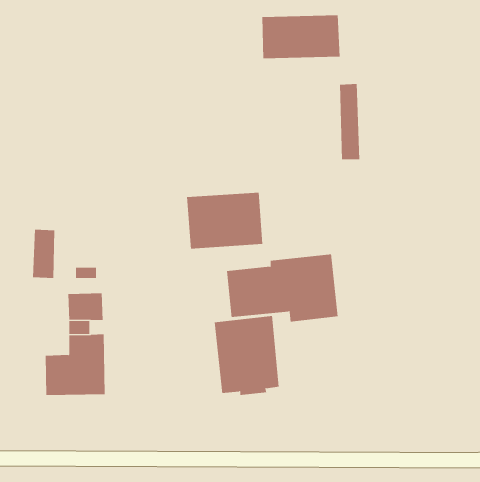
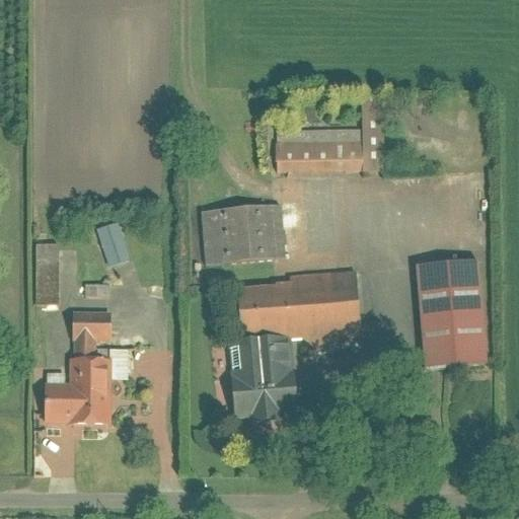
building: [262,15,340,59] -> [276,126,360,172]
building: none -> [96,220,130,265]
building: none -> [417,257,484,367]

